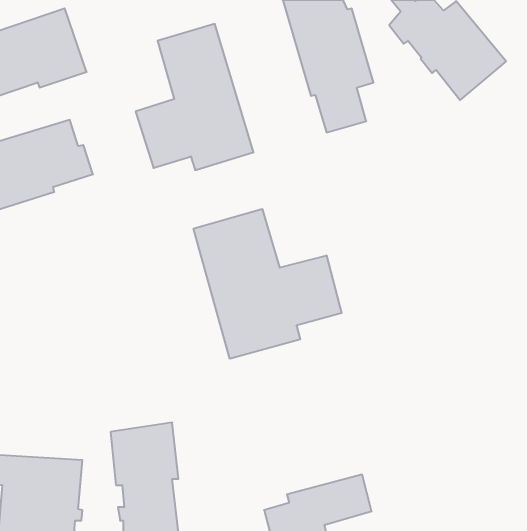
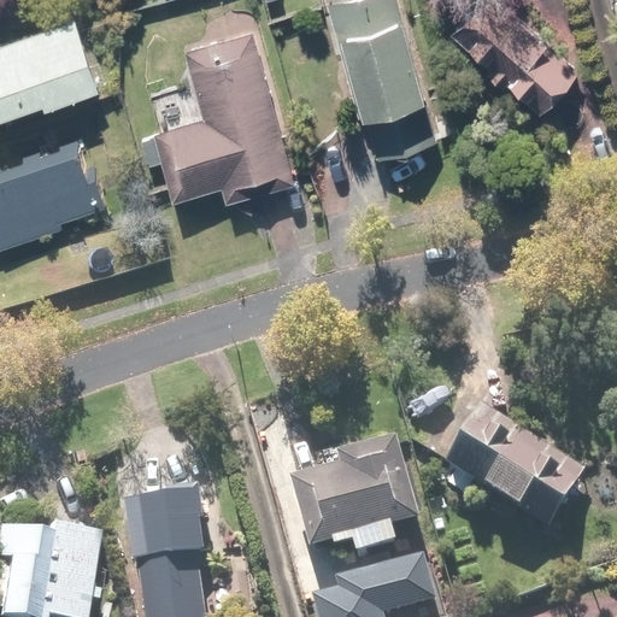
building: [194,209,342,359] -> none
building: none -> [442,406,589,536]
building: none -> [284,439,423,558]

